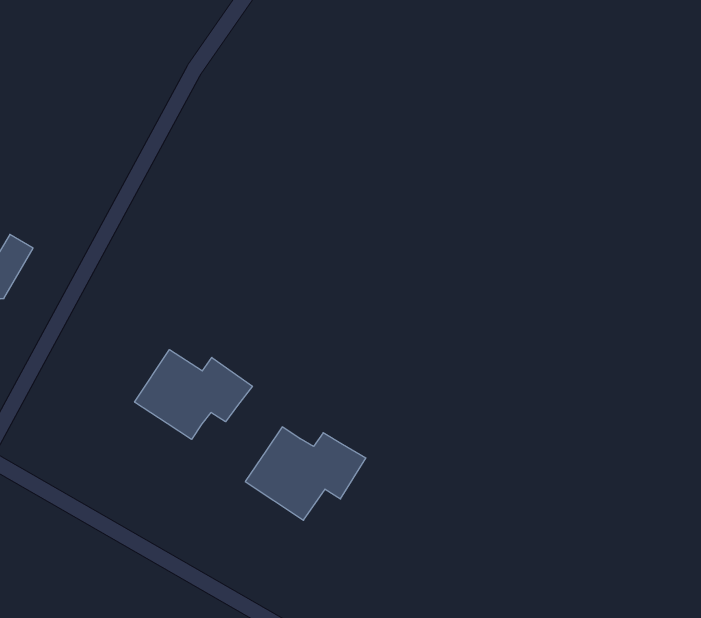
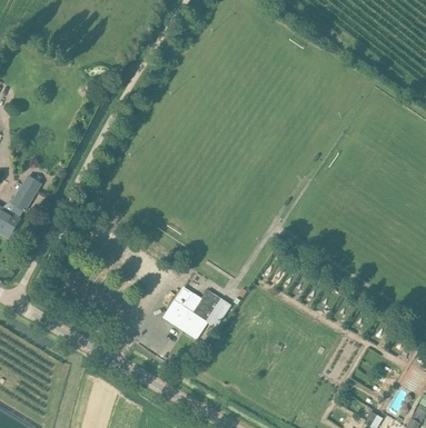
building: [135,350,252,439] -> none

